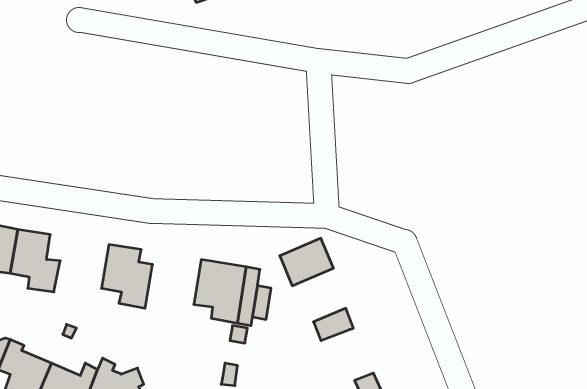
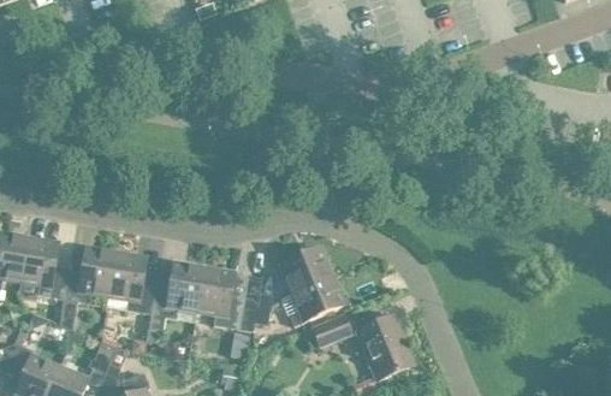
building: none -> [63,246,115,302]
building: none -> [148,261,204,329]
building: none -> [289,274,344,324]
building: none -> [356,313,415,378]

